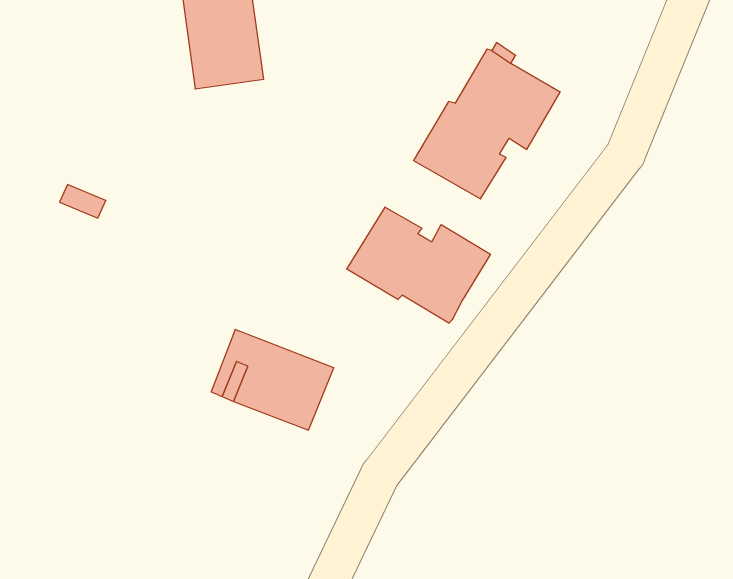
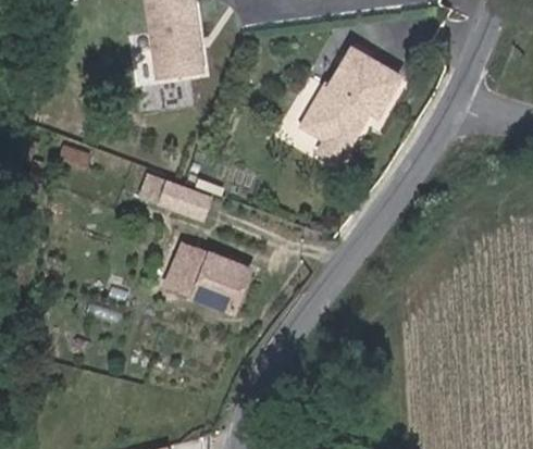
building: [347,207,490,323] -> none
building: none -> [159,179,209,217]

